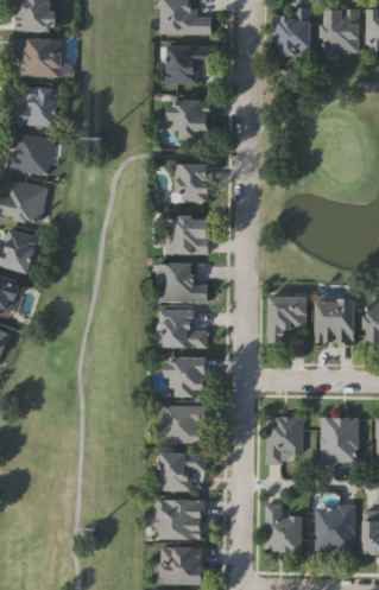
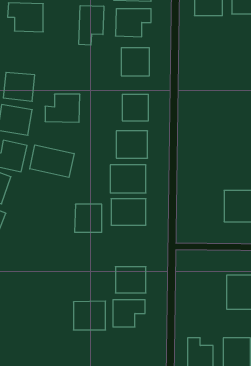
building: none -> [79,6,104,45]
building: [11,87,59,126] -> [45,94,80,122]
building: none -> [30,145,74,177]
building: [267,296,307,343] -> none
building: [169,357,207,396] -> [75,204,102,232]
building: [264,417,301,464] -> none
building: [157,500,202,540] -> [73,301,106,330]

